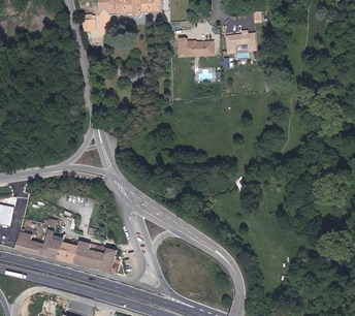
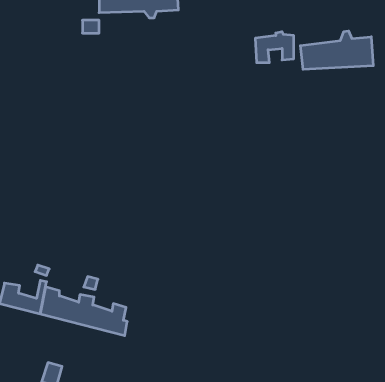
building: none -> [300,31,373,69]
building: [174,36,212,57] -> none

